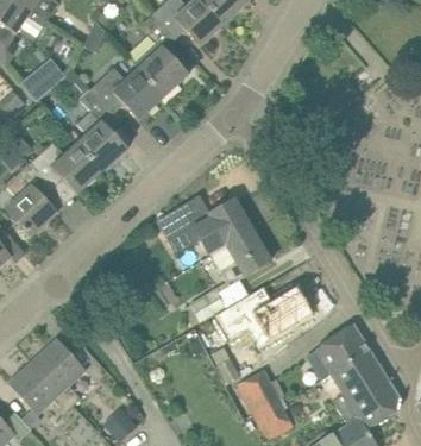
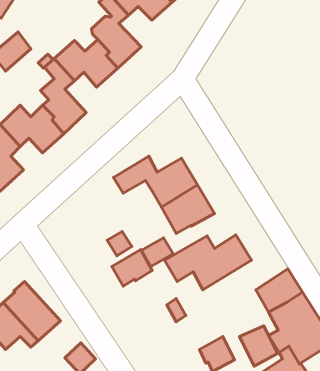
building: none -> [112,250,152,286]
building: [237,369,279,414] -> [239,326,278,366]

